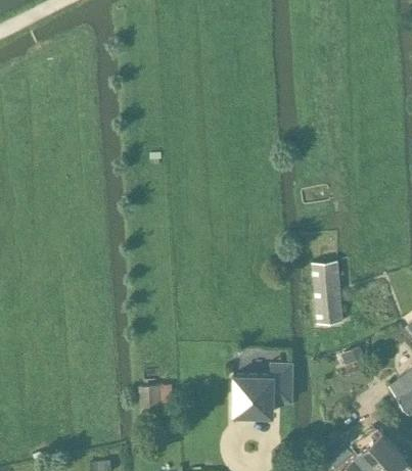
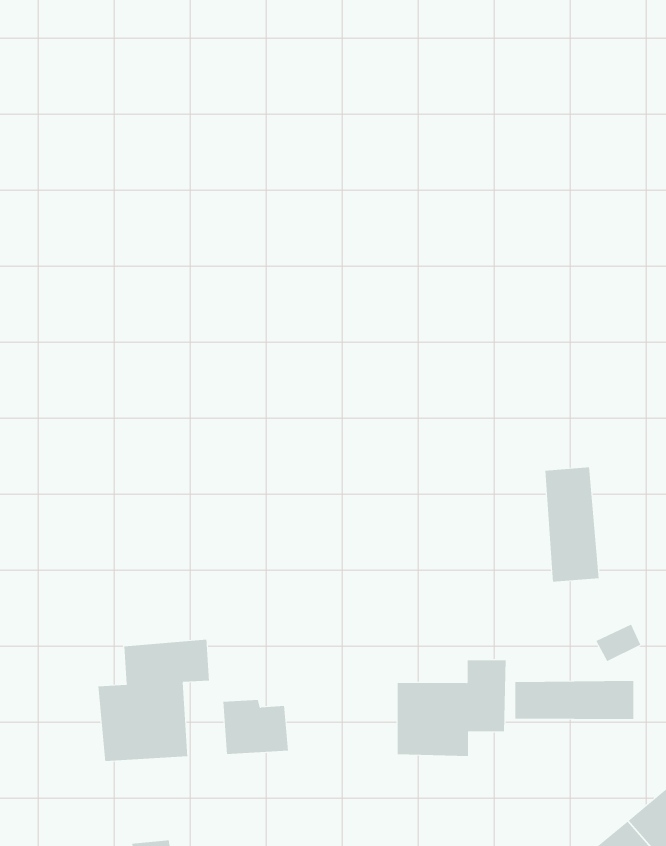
building: none -> [98,639,209,762]
building: none -> [515,680,634,720]

